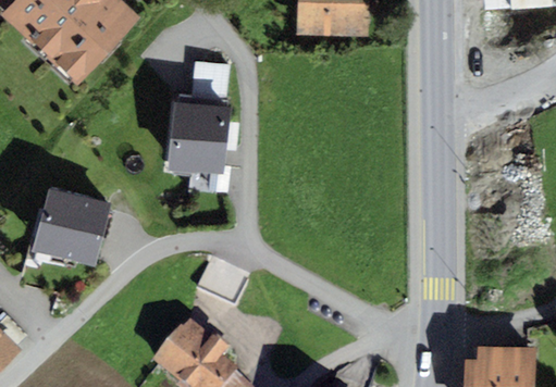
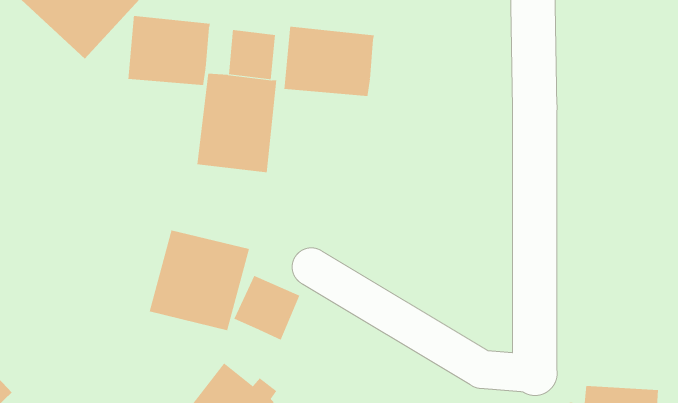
building: none -> [128,15,210,86]
building: none -> [284,26,375,97]
building: [32,186,112,266] -> [149,230,250,331]

